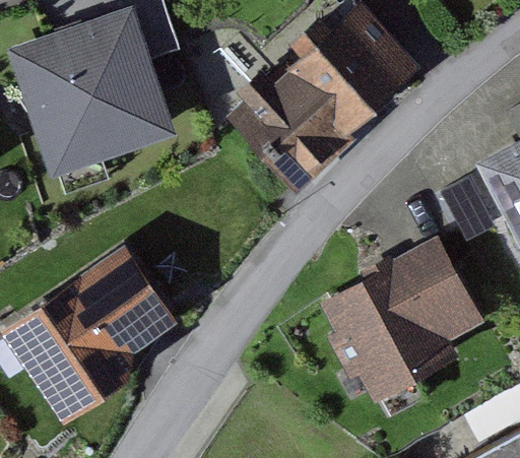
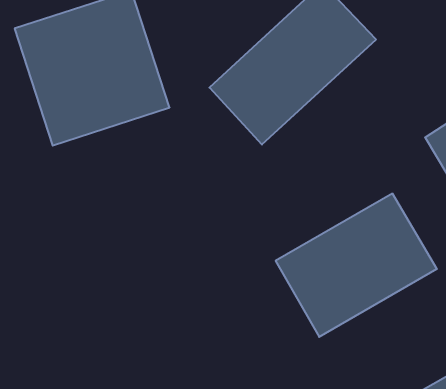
building: [7,244,181,404] -> none

